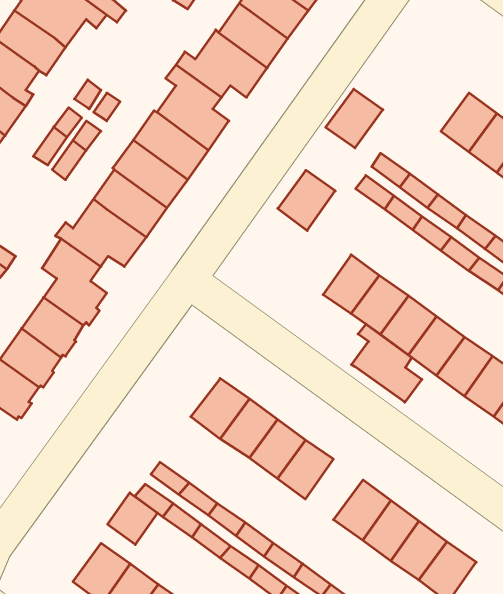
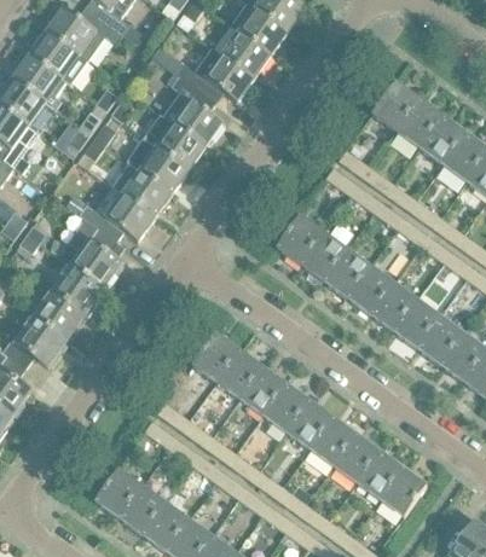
building: [326,89,383,148] -> [372,81,420,129]
building: [278,170,335,231] -> [276,214,323,263]
building: [351,324,422,402] -> none
building: none -> [285,399,332,448]
building: [108,493,158,545] -> none

